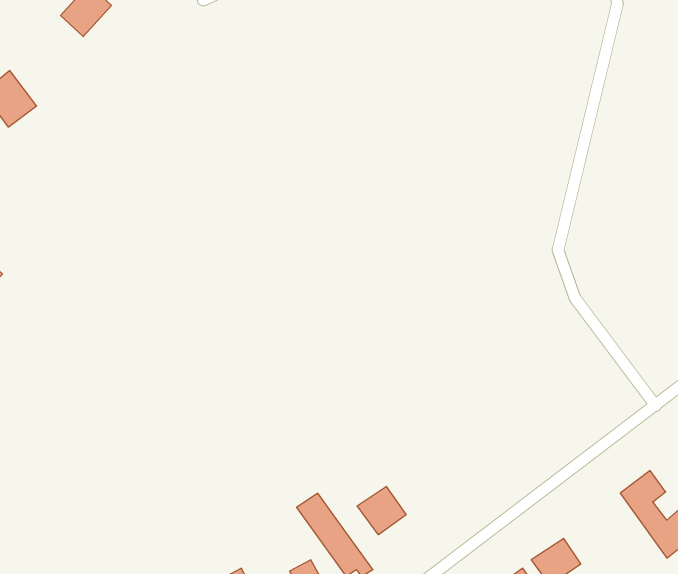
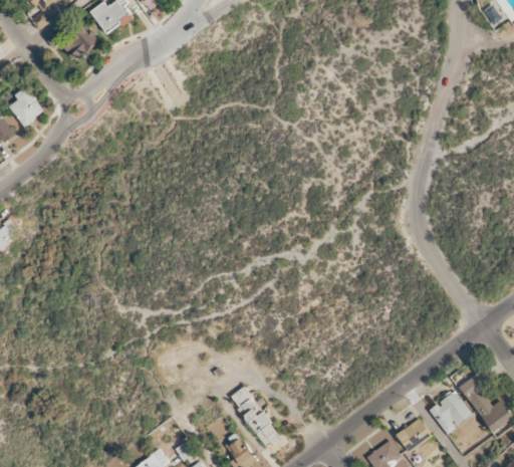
building: [357,486,406,535] -> none
building: none -> [429,391,472,434]

